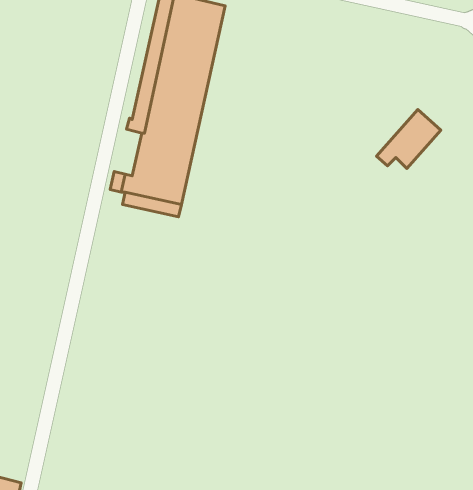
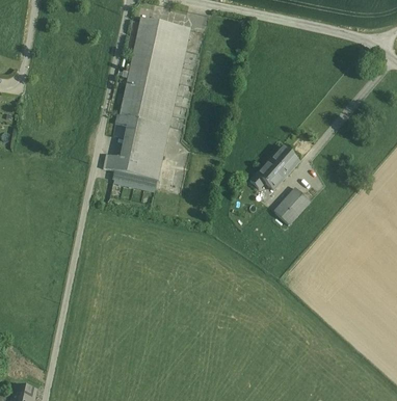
building: [377,109,441,168] -> [252,144,300,189]
building: none -> [275,192,307,223]

